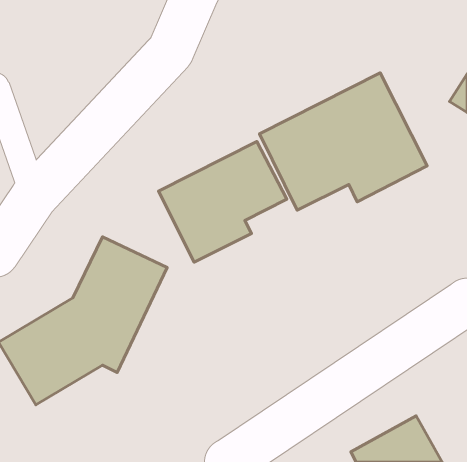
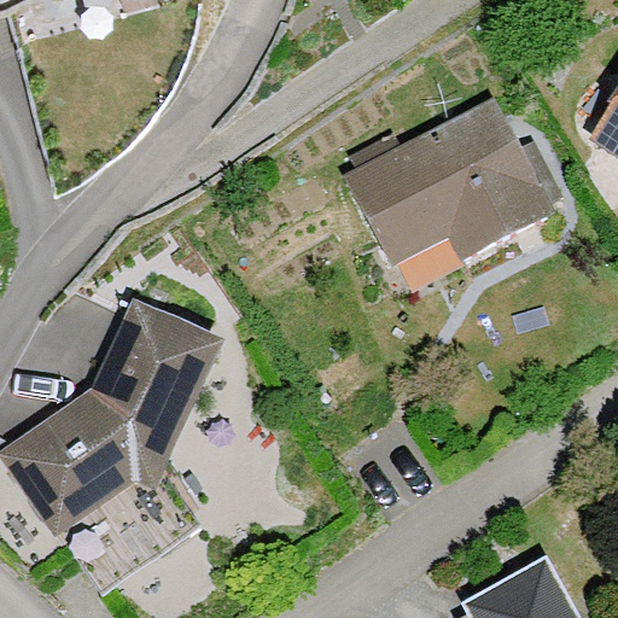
building: [158,141,287,262] -> none

